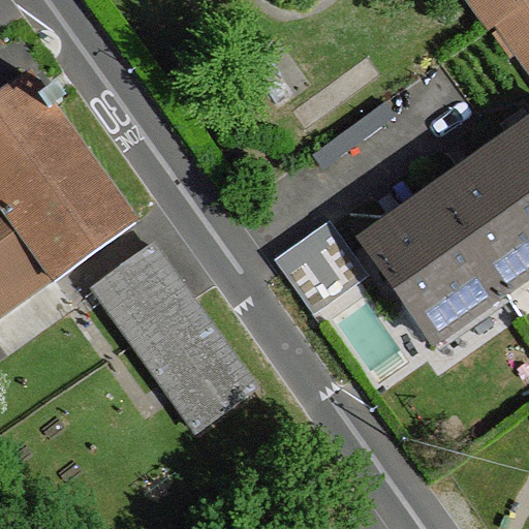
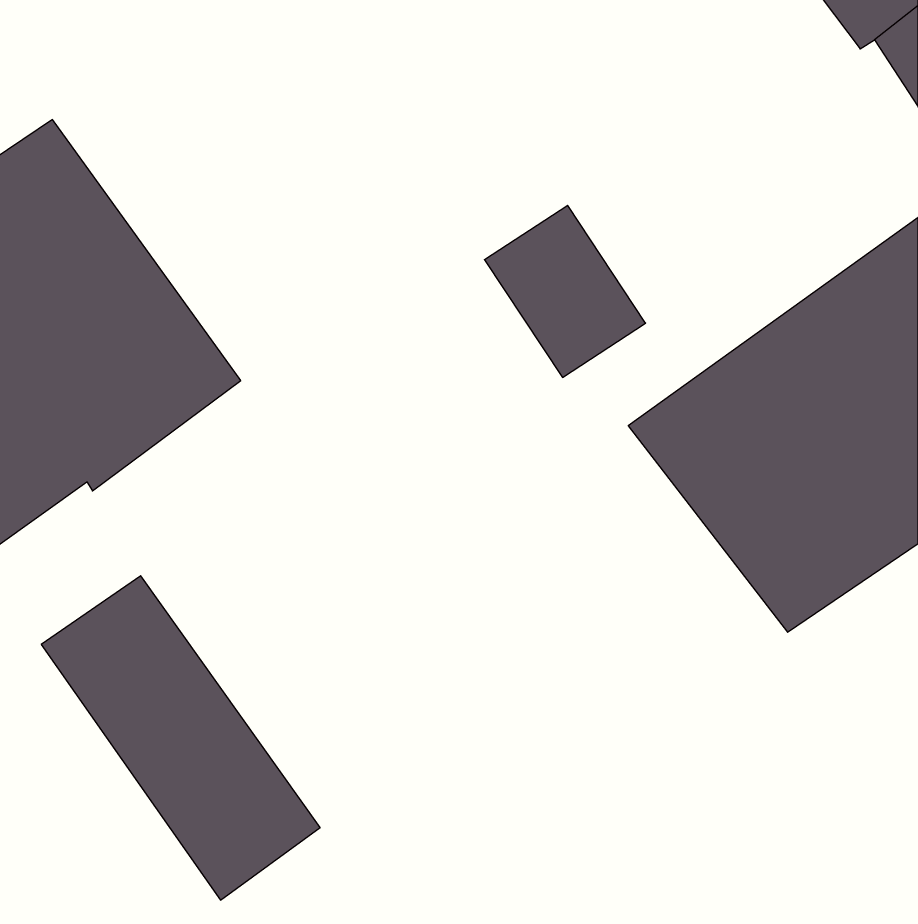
building: [279,222,371,320] -> [484,205,646,377]
building: [94,248,253,433] -> [41,576,320,900]

